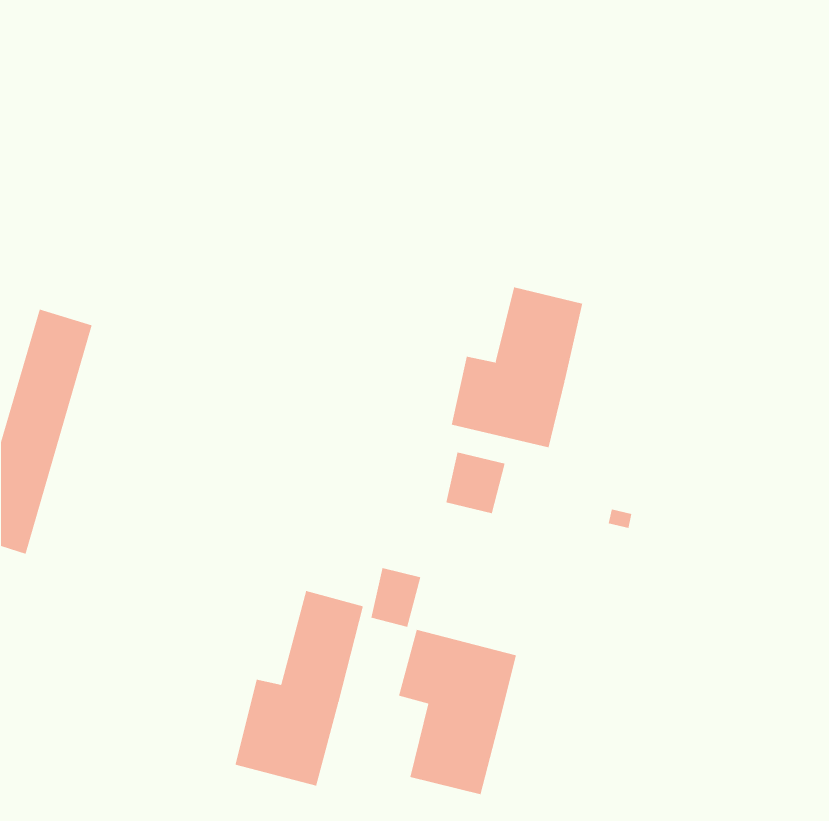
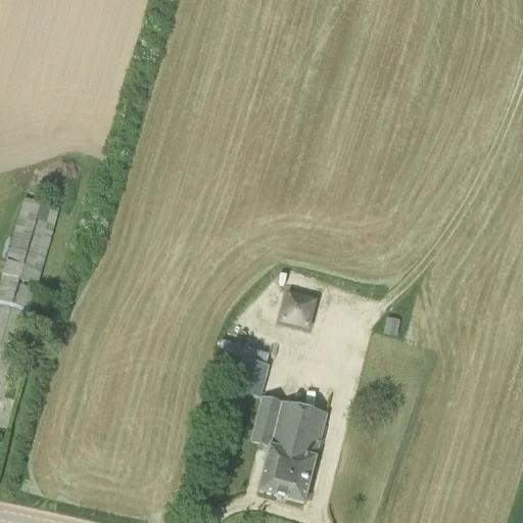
building: [451,286,583,448] -> none
building: [235,590,363,786] -> none

